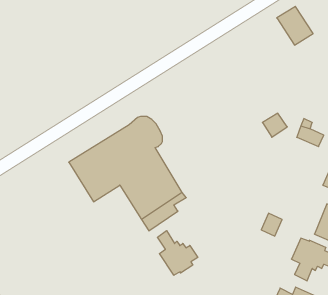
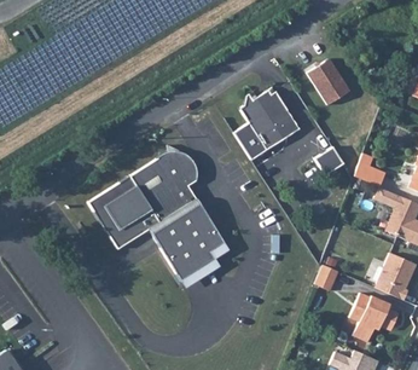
building: [277,6,313,45] -> [309,62,352,106]
building: none -> [233,89,300,160]
building: [157,231,198,275] -> none

